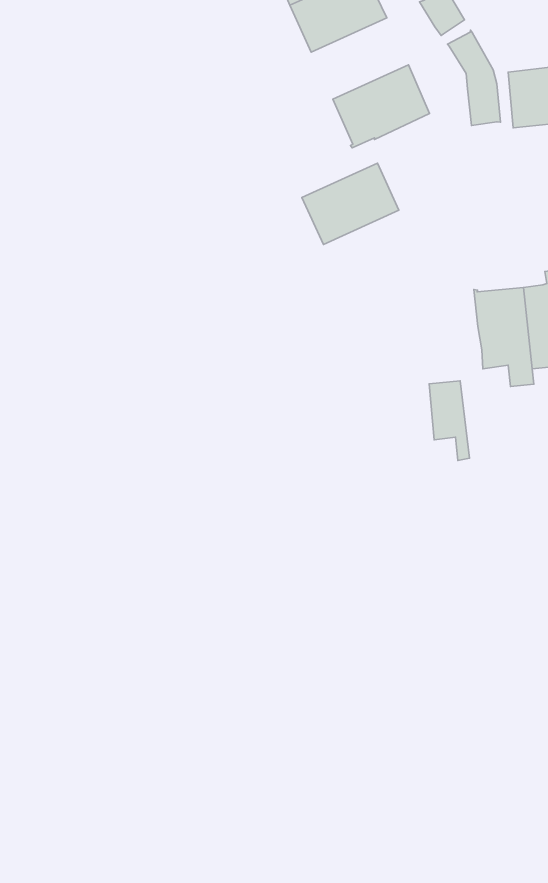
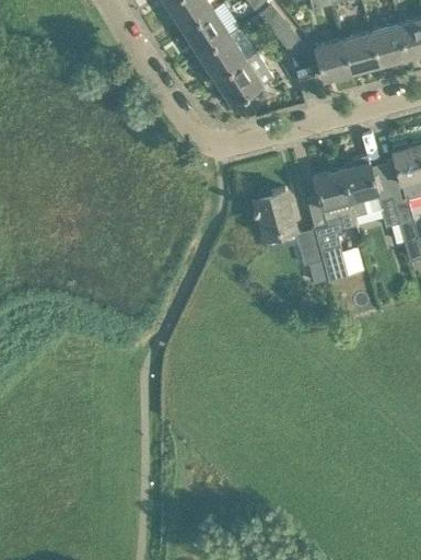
building: [302,163,399,244] -> [200,28,257,80]
building: none -> [254,189,296,238]
building: none -> [314,218,349,283]

